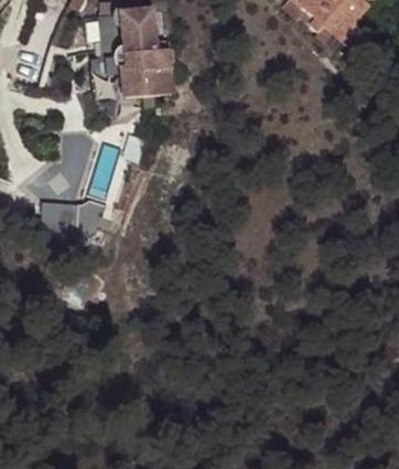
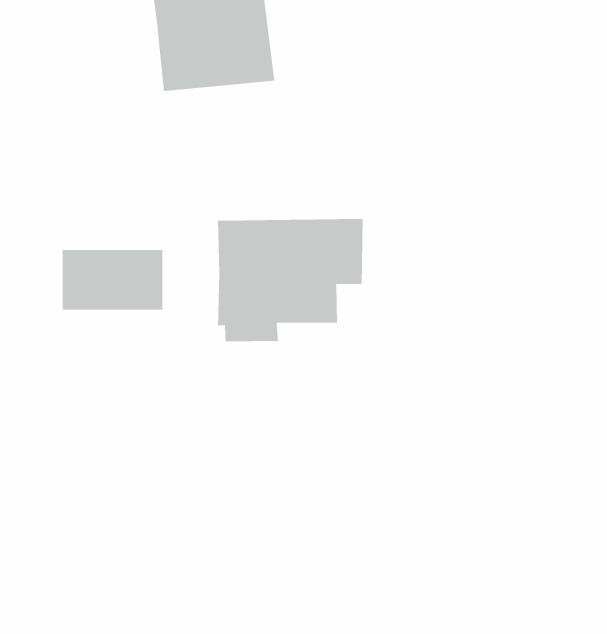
building: none -> [217,218,363,342]

